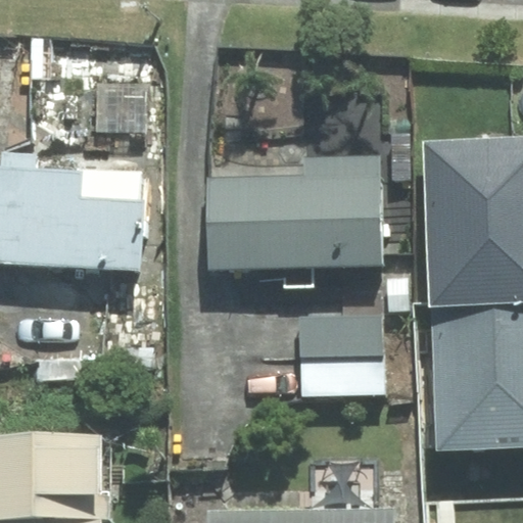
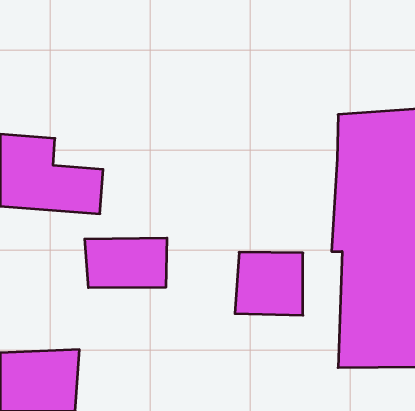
building: [209,151,382,271] -> none
building: none -> [85,238,167,288]

